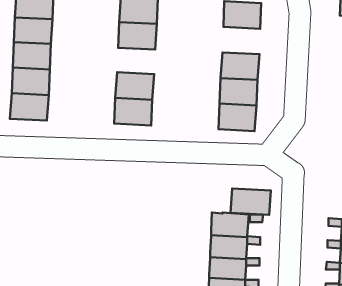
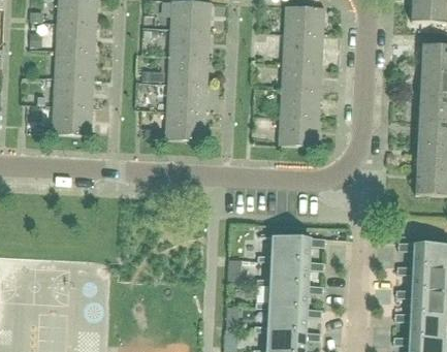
building: none -> [283,32,324,62]
building: none -> [168,55,210,84]
building: [231,189,271,215] -> none

